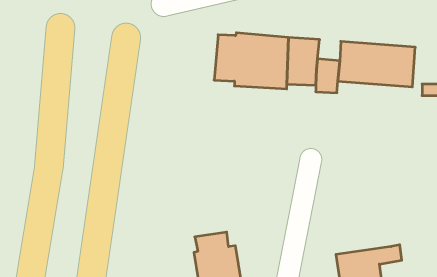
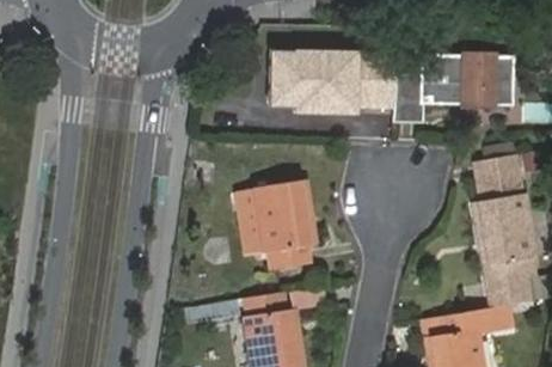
building: none -> [474,154,536,308]
building: none -> [237,183,314,267]

